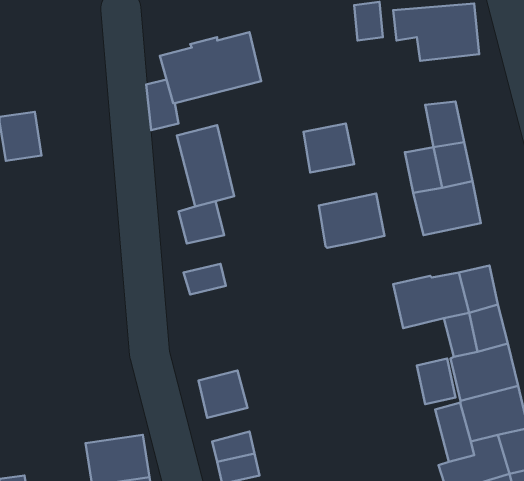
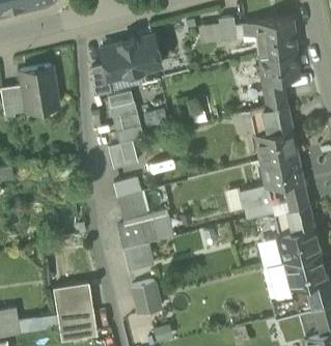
building: none -> [259,50,299,81]
building: none -> [21,66,58,112]
building: [319,194,385,248] -> [261,153,302,186]
building: none -> [118,192,146,221]
building: none -> [118,215,172,250]

